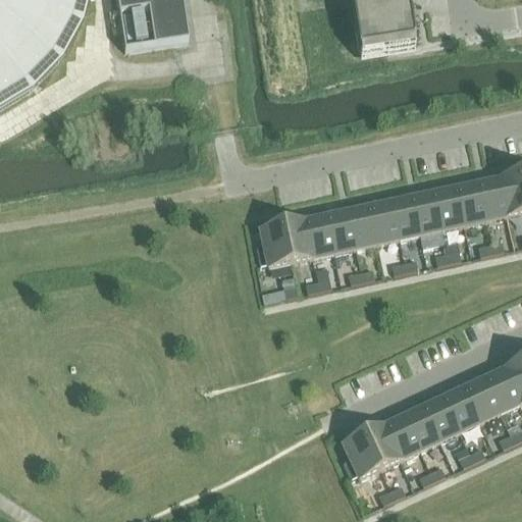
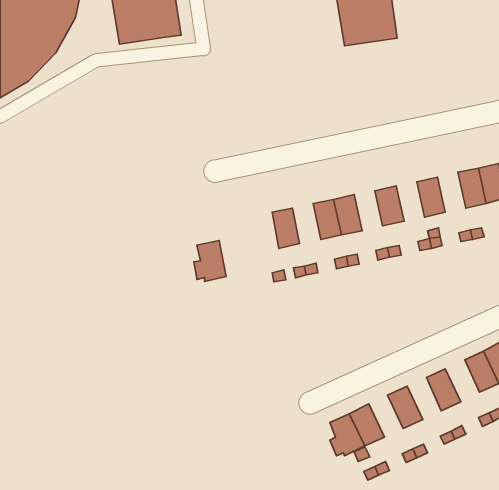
building: [457,179,486,221] -> none
building: [414,190,443,230] -> none
building: [370,199,400,241] -> none
building: [306,212,335,254] -> none
building: [258,221,292,264] -> [194,240,226,281]
building: [465,375,501,419] -> none
building: [425,394,461,437] -> none
building: [385,412,421,456] -> none

